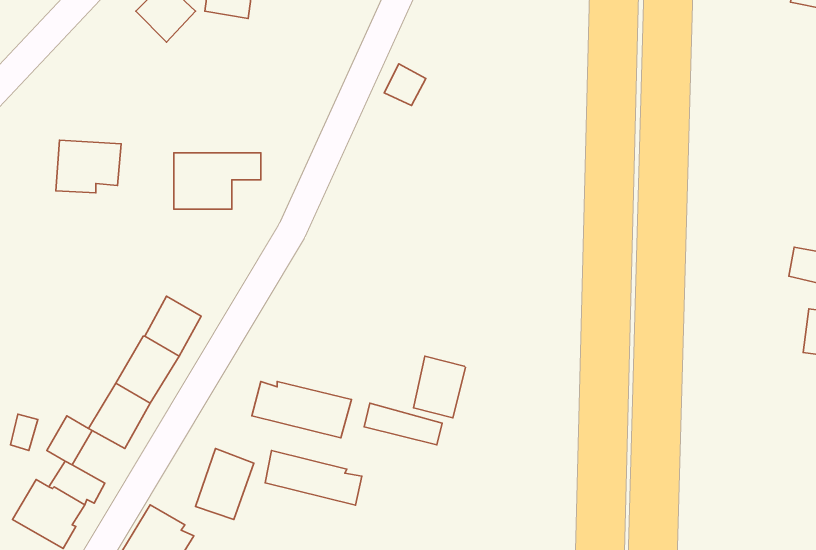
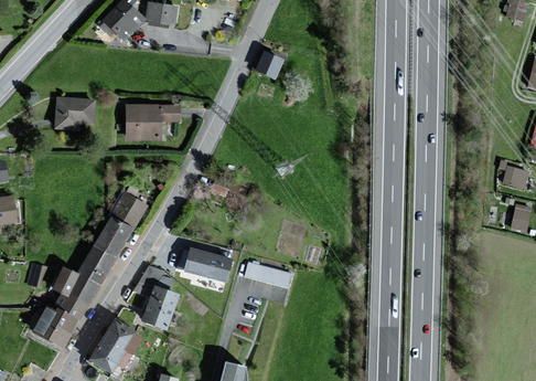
building: [414,356,466,418] -> none
building: none -> [67,275,99,307]
building: [265,450,362,505] -> none

